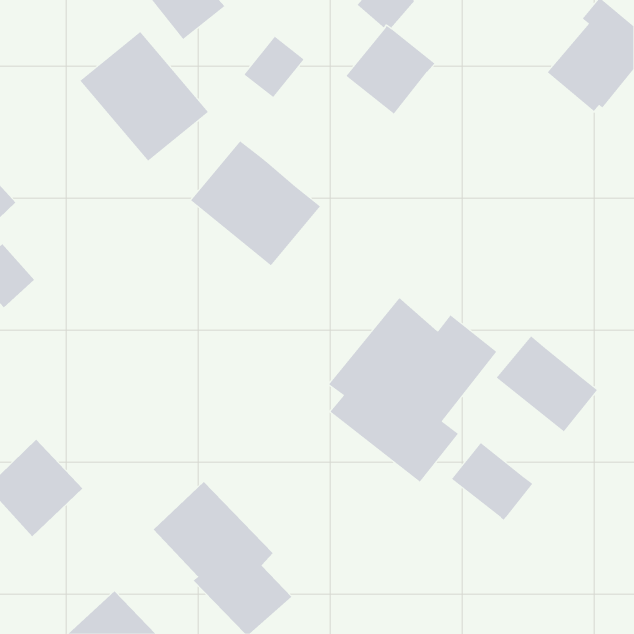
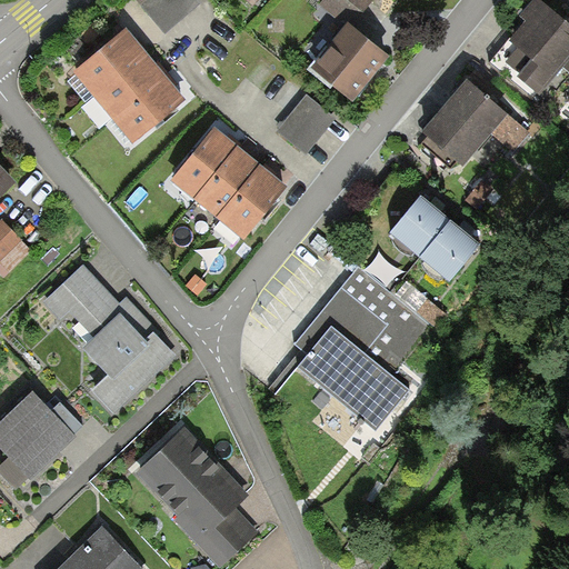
building: [244,36,304,98] -> [279,97,333,152]
building: none -> [419,77,531,169]
building: none -> [24,262,174,413]
building: [496,335,598,432] -> [389,197,480,283]
building: [451,442,533,520] -> none

